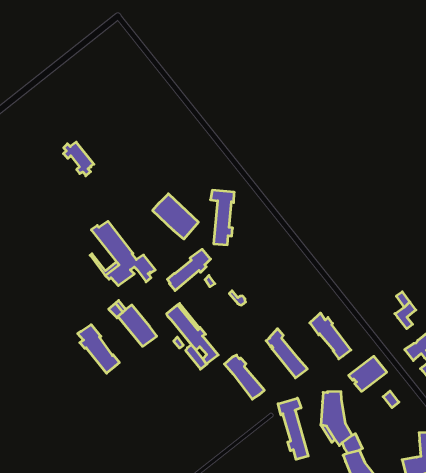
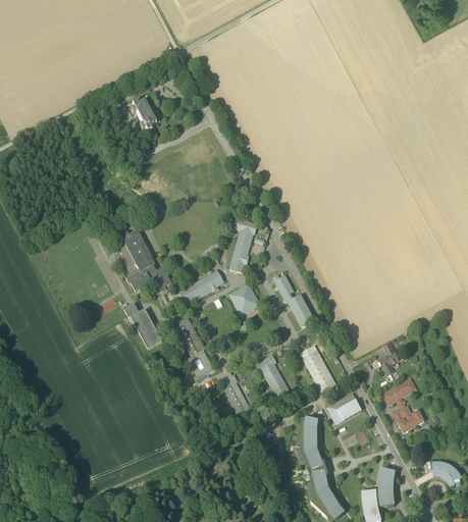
building: [63,142,94,176] -> [131,100,156,132]
building: [153,194,198,239] -> none
building: none -> [274,275,314,326]
building: none -> [229,283,259,314]
building: [78,325,119,373] -> none
building: [278,398,308,459] -> none

